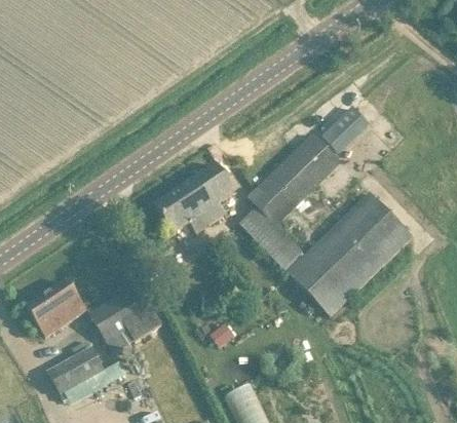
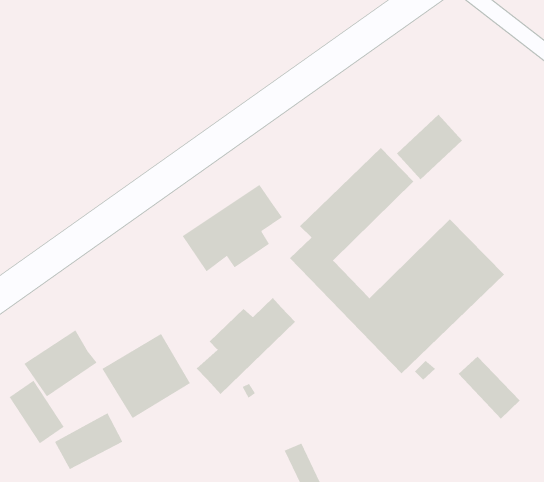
building: none -> [196,297,296,395]
building: none -> [458,356,521,420]
building: none -> [9,380,65,444]

